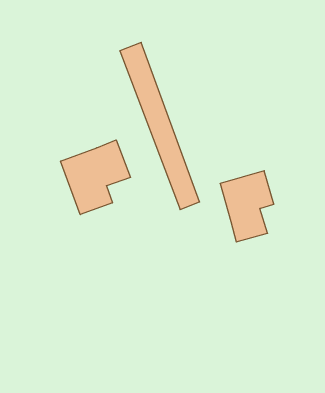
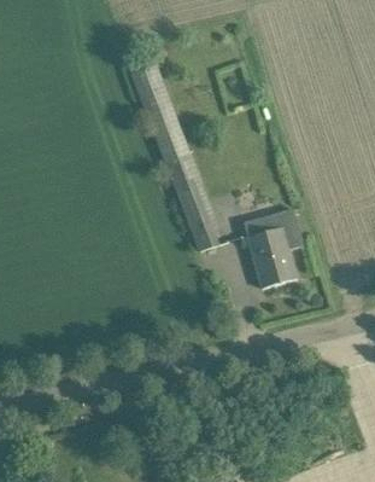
building: [61,140,130,215] -> none

